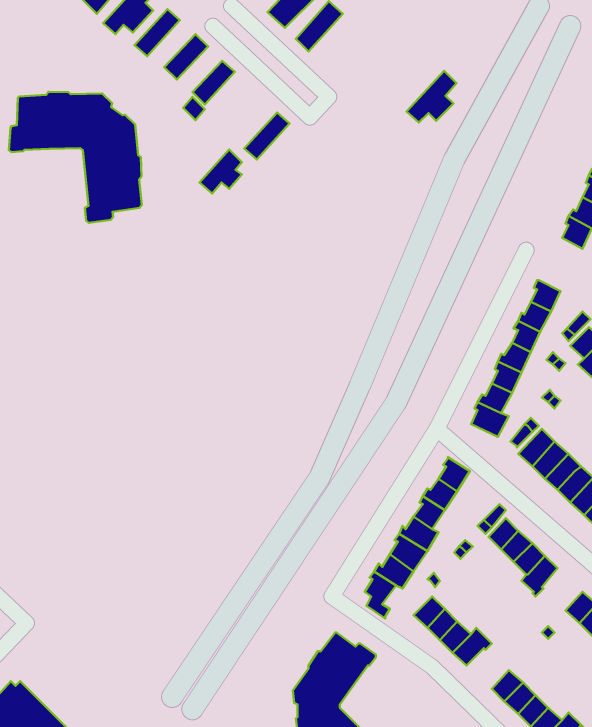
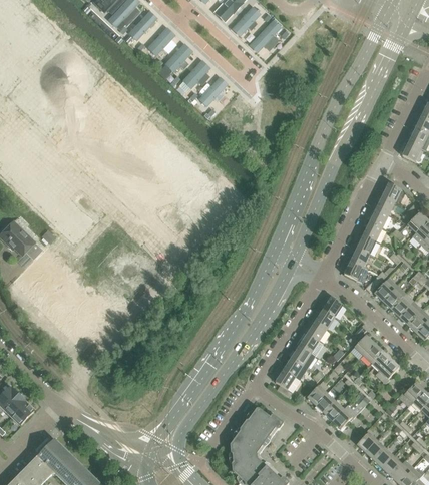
building: [406,71,457,122] -> [250,18,282,51]
building: [9,92,142,223] -> none
building: [200,150,242,193] -> [183,58,210,86]

